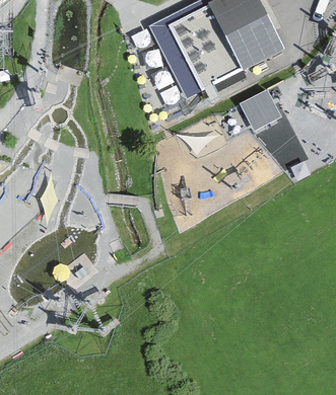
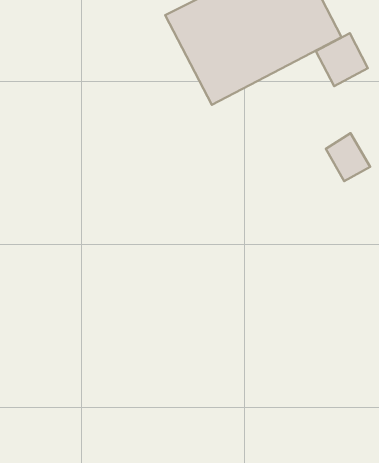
building: [238,88,278,130] -> [316,33,368,86]

